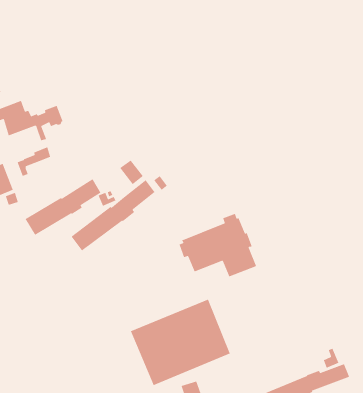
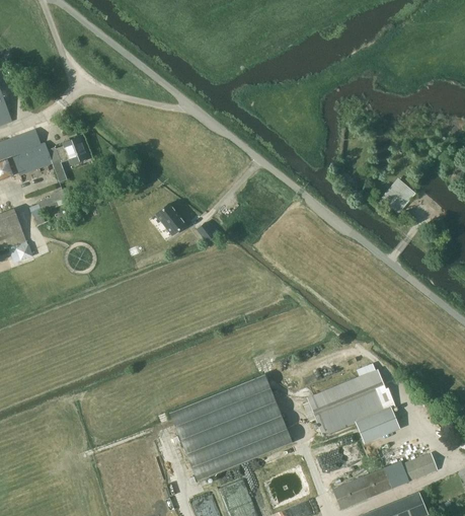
building: none -> [381,179,414,214]
building: [25,178,101,236] -> none
building: [70,179,156,252] -> none
building: [178,213,257,277] -> [303,364,399,443]

